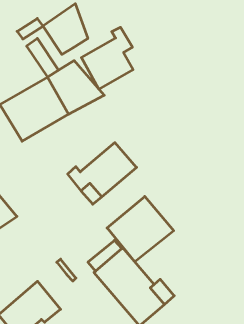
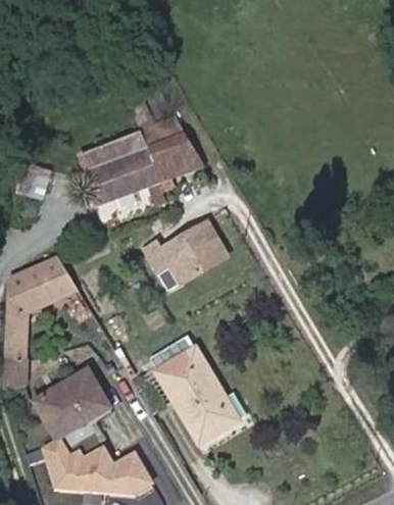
building: [43,4,88,54] -> none
building: [81,27,133,89] -> none
building: [107,196,174,262] -> none

